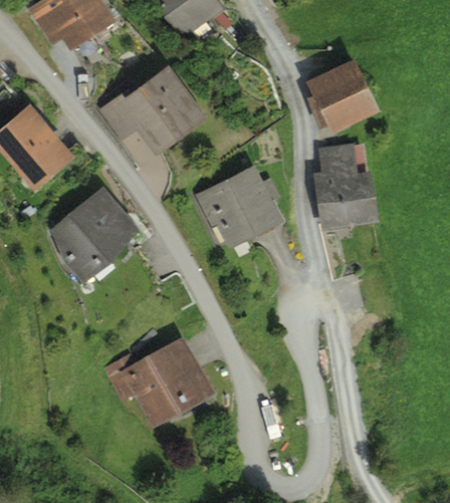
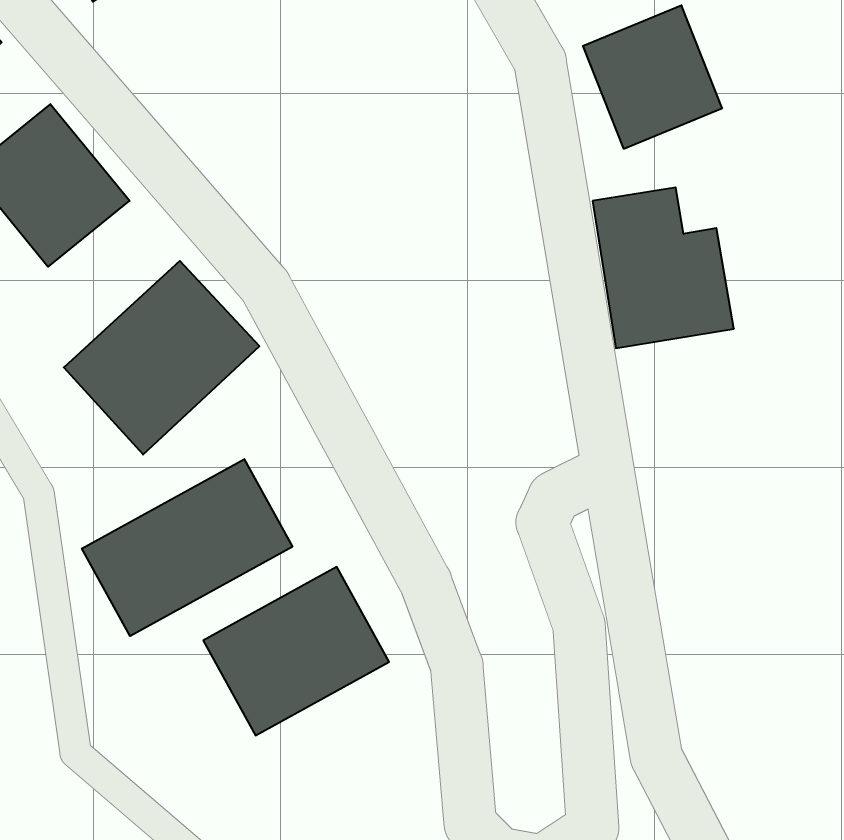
building: [101,62,215,171] -> none
building: [196,165,283,250] -> none
building: none -> [82,459,292,636]

